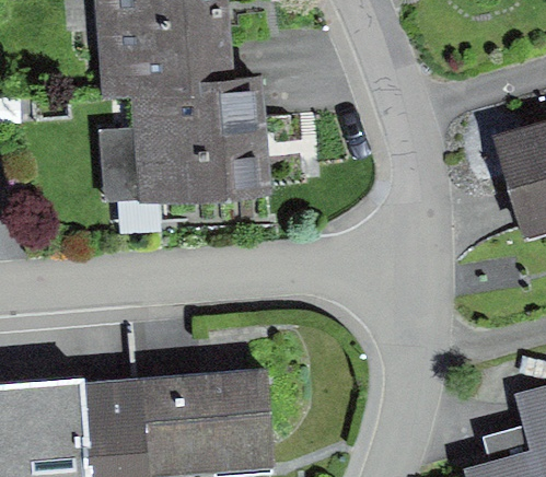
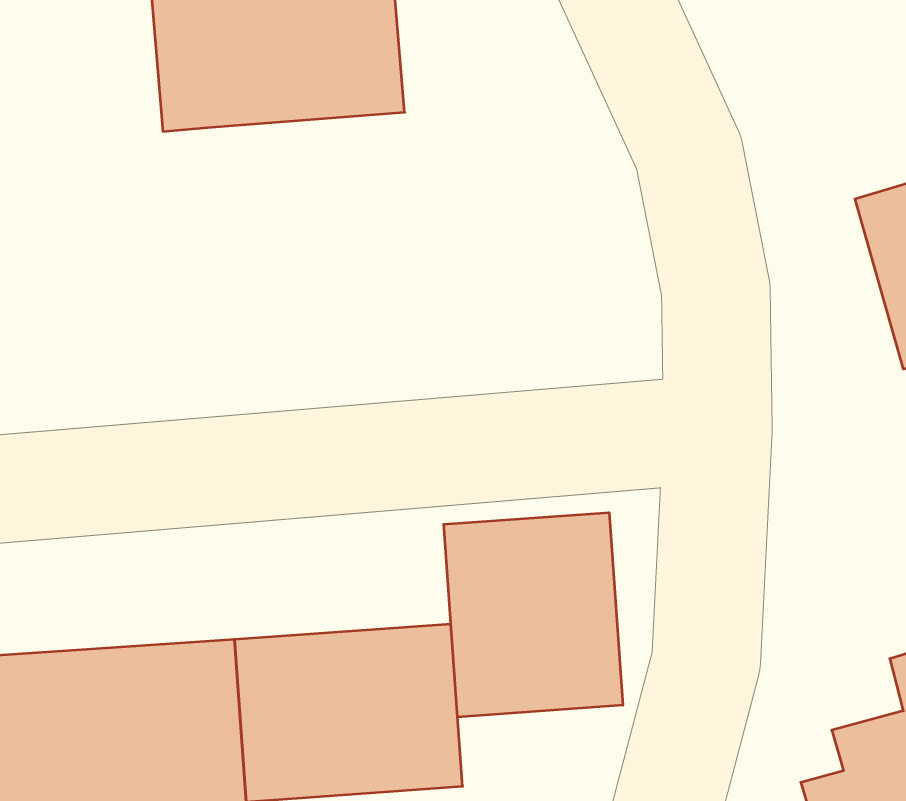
building: [96,84,271,209] -> none
building: none -> [444,513,623,717]

